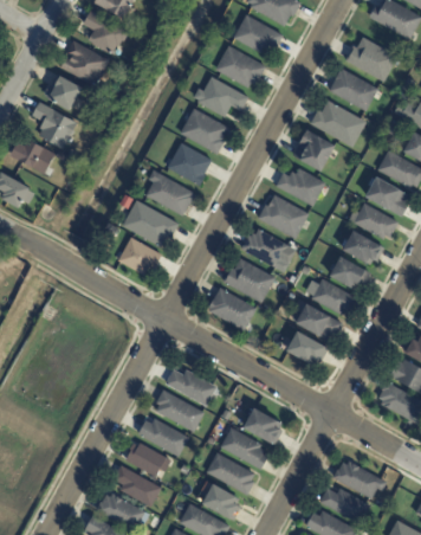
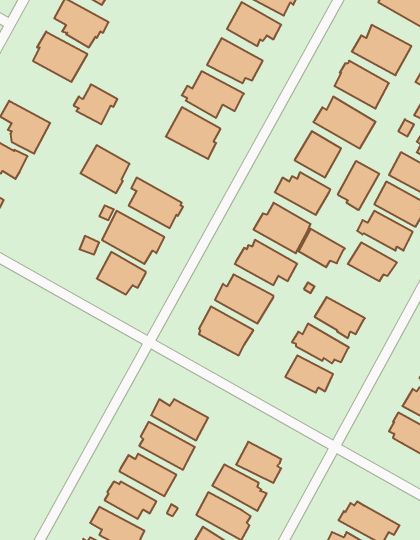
building: [43,77,82,112] -> [74,84,117,124]
building: [167,144,211,187] -> [80,145,130,193]
building: none -> [338,161,379,210]
building: [329,254,370,289] -> [298,229,345,267]

